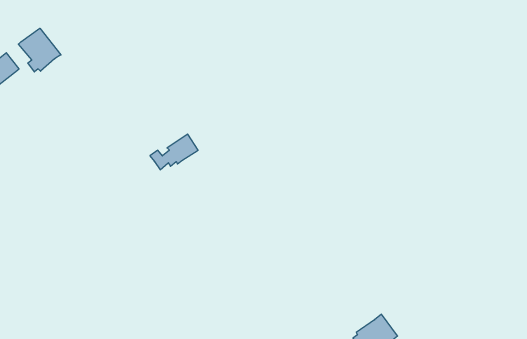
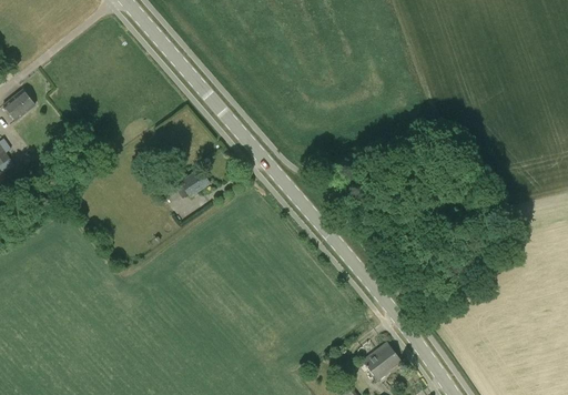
building: [18,28,61,72] -> none

